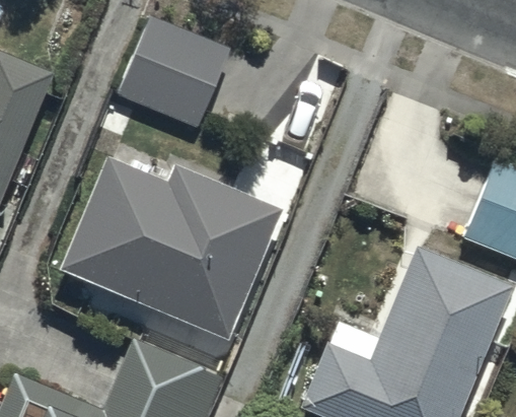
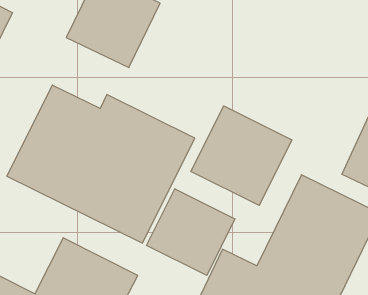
building: none -> [191,106,292,205]
building: none -> [147,189,235,275]

